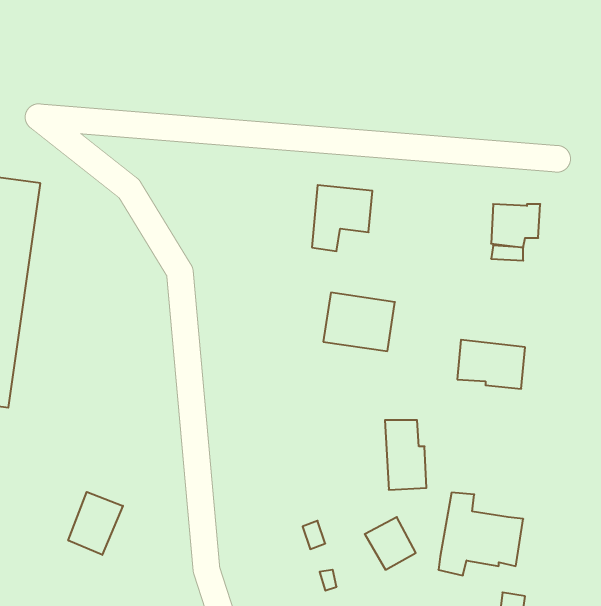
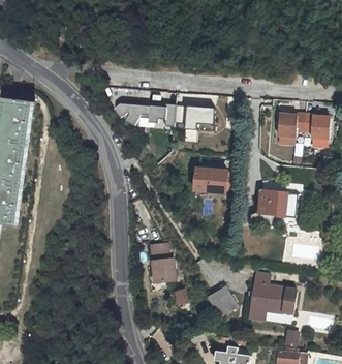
building: none -> [111,99,175,126]
building: none -> [304,115,332,141]
building: [385,420,426,490] -> [155,242,178,280]
building: [68,492,123,555] -> none

